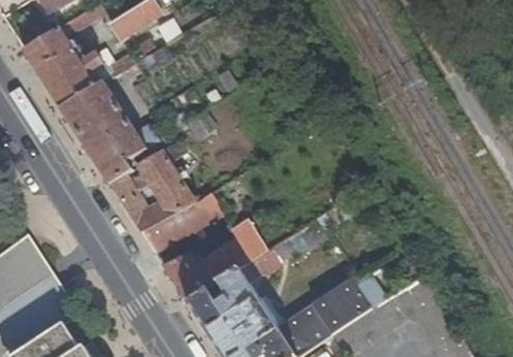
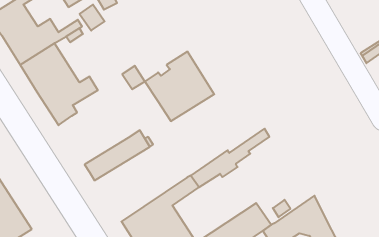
building: [108,147,194,232] -> [145,52,214,121]
building: [162,218,267,302] -> none

